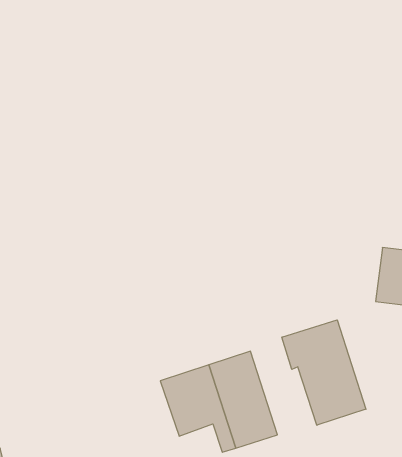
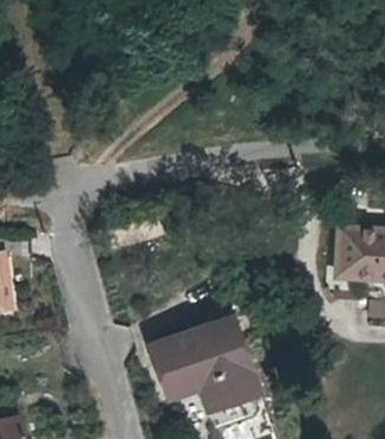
building: [282,320,366,425] -> none

